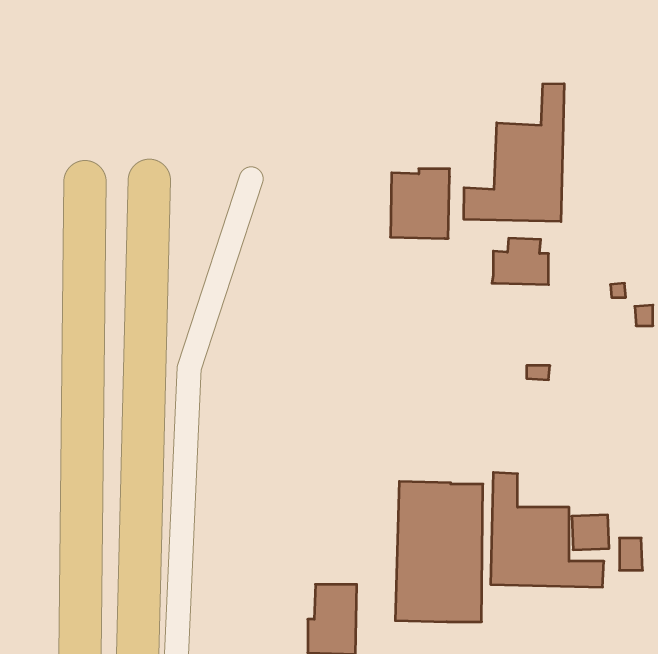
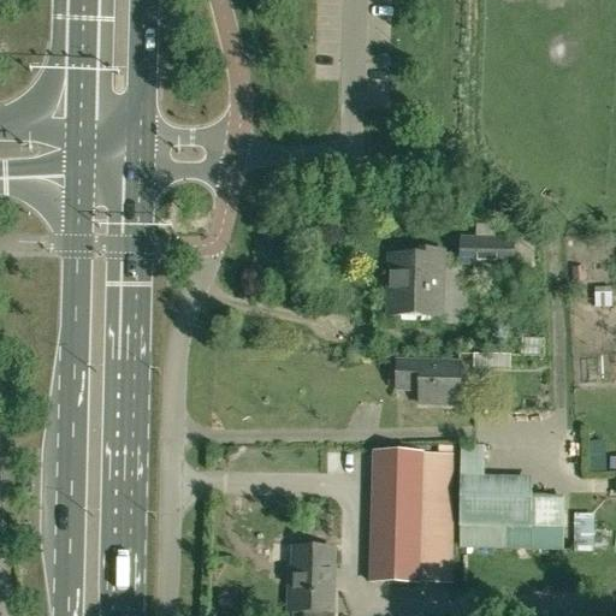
building: [464,84,564,222] -> none
building: [390,169,450,238] -> [387,250,443,315]
building: none -> [397,359,460,403]

